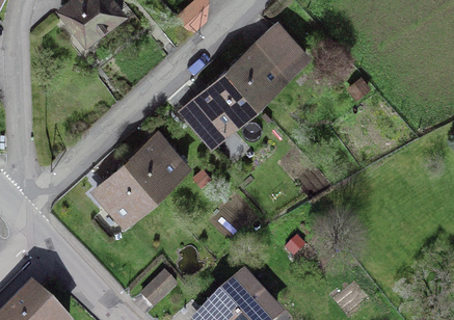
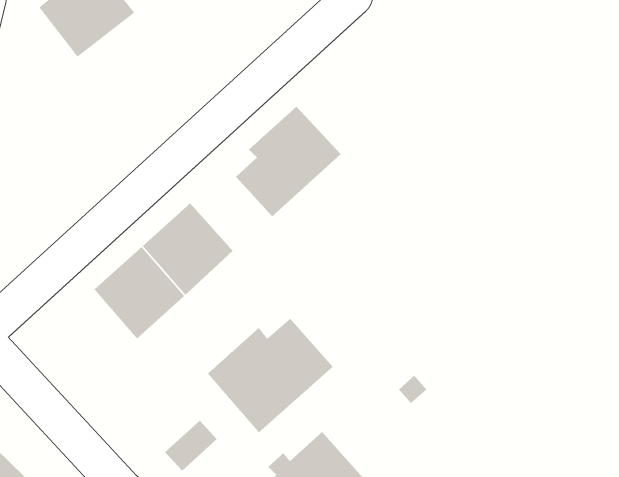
building: [228,28,305,100] -> none
building: none -> [207,318,333,433]

